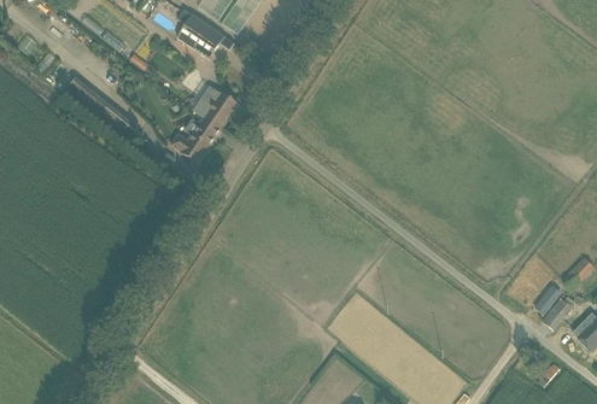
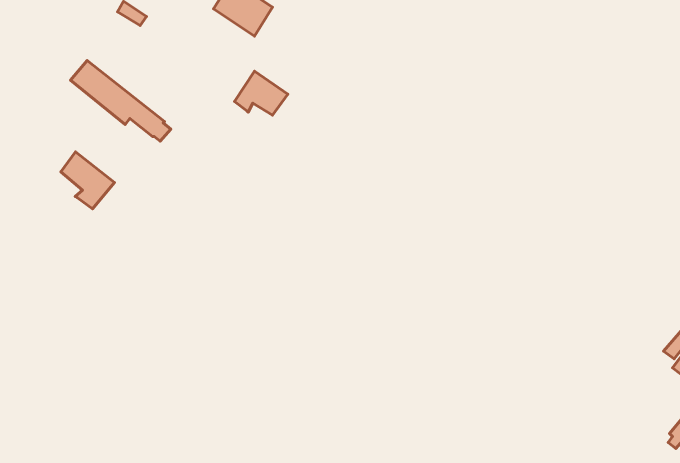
building: [171,110,224,162] -> none
building: none -> [61,152,114,209]

